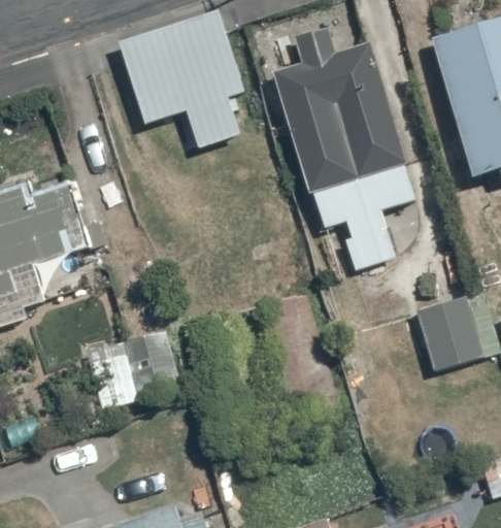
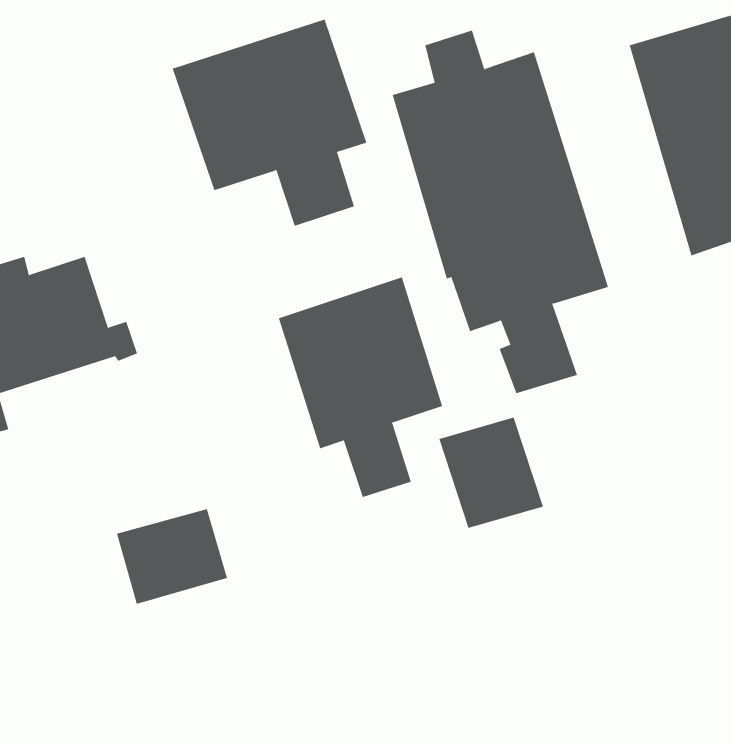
building: none -> [278,276,443,498]
building: [415,296,486,370] -> [438,417,544,529]

